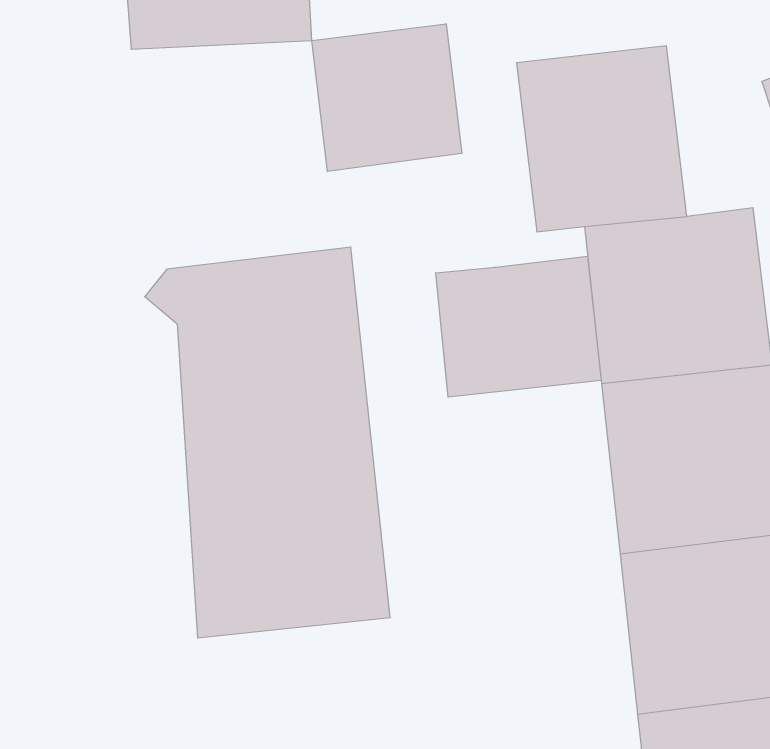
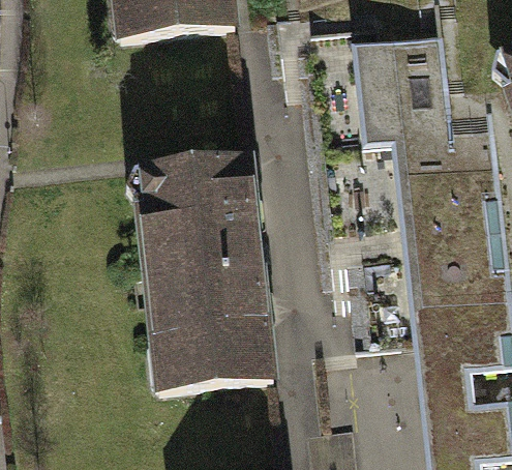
building: [312,24,462,172] -> none
building: [436,256,601,397] -> none

